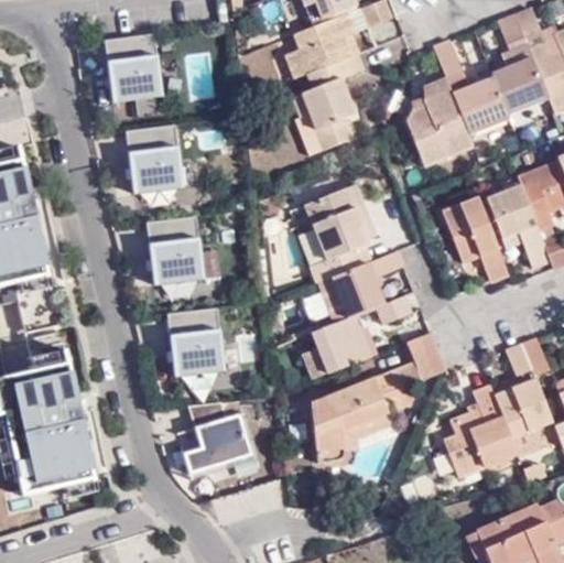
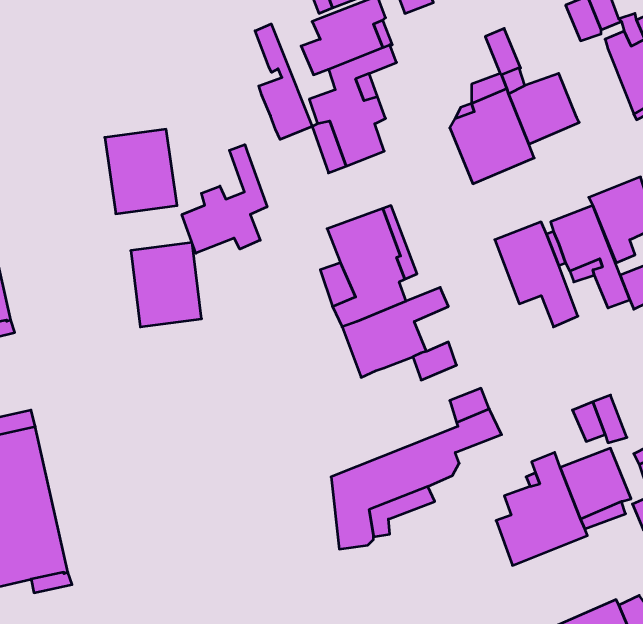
building: [106,31,164,99] -> none
building: none -> [255,24,312,139]
building: [492,57,549,112] -> none
building: none -> [182,145,267,253]
building: [169,305,226,373] -> none
building: [305,315,369,378] -> none
building: [184,400,251,472] -> none

